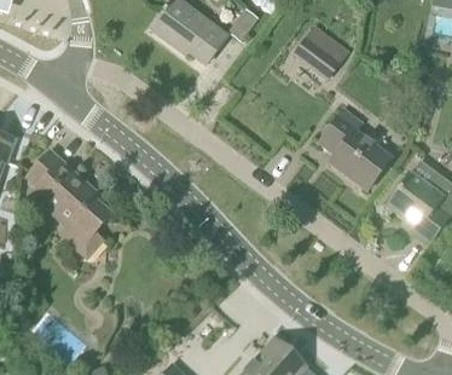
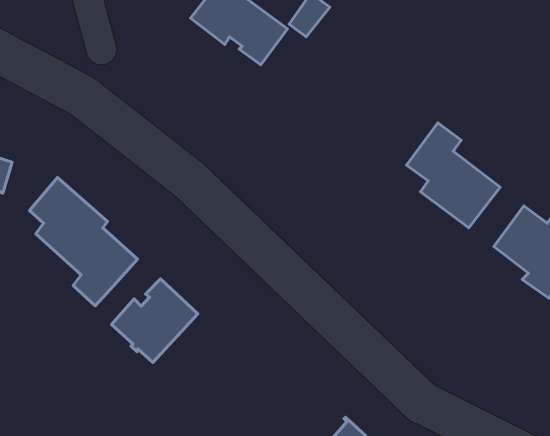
building: [294,24,352,80] -> none
building: none -> [111,279,198,362]

